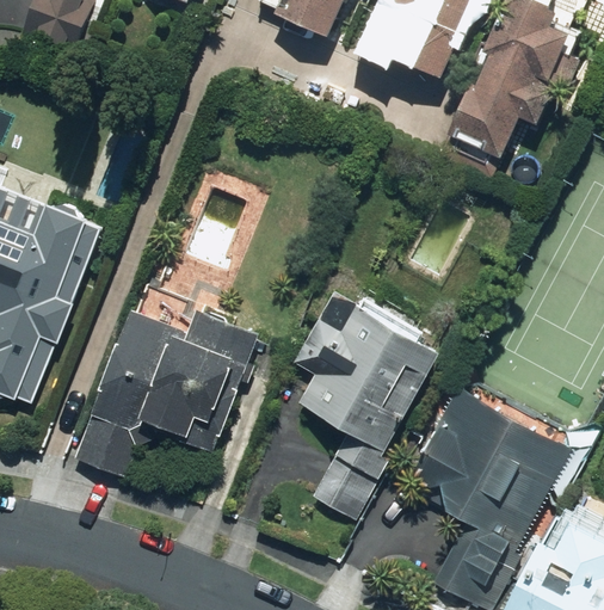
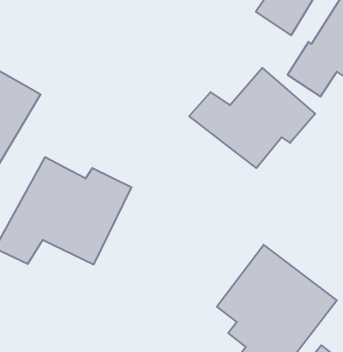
building: none -> [189,68,315,168]
building: [292,301,442,518] -> none

